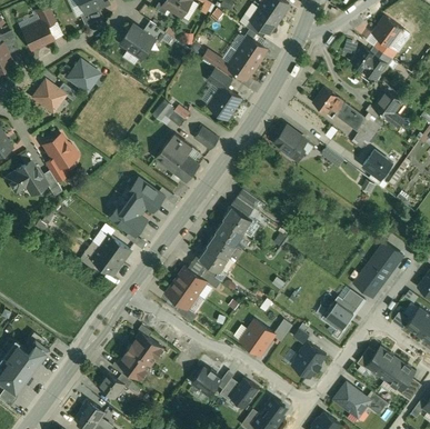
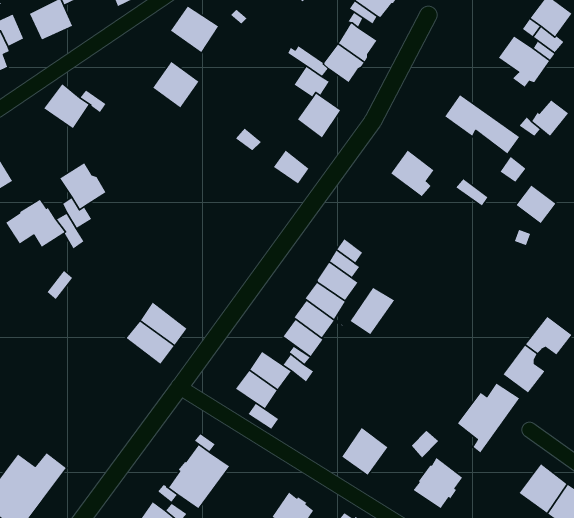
building: [66,60,99,93] -> [152,61,200,108]
building: [156,134,199,182] -> none
building: [109,178,164,237] -> none
building: none -> [350,287,395,335]

